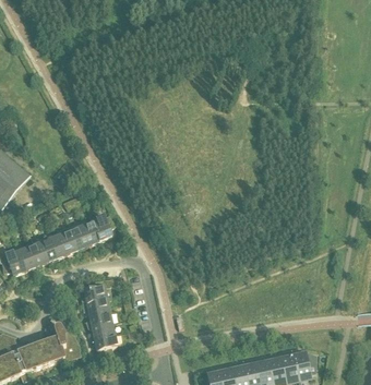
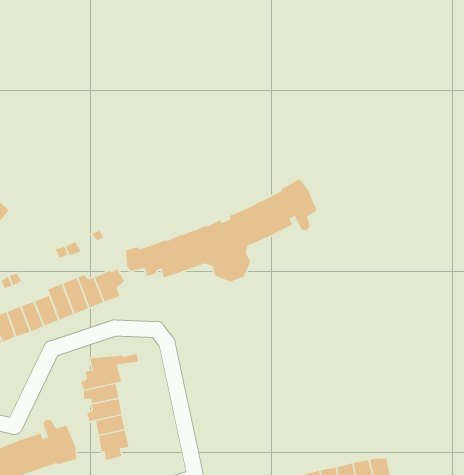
building: none -> [125,178,318,283]

